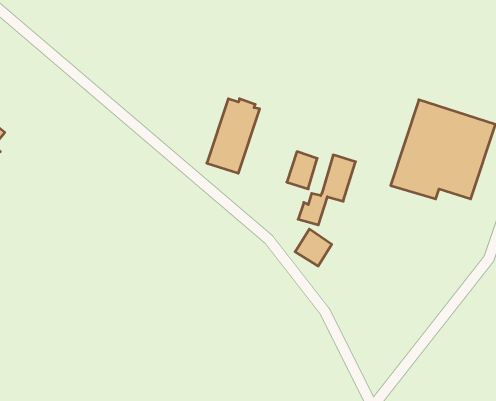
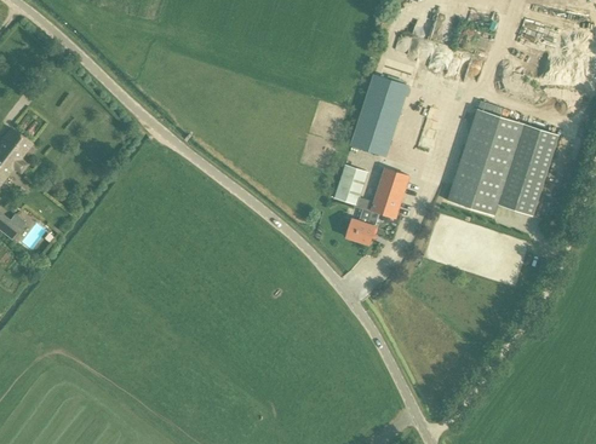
building: [207,99,260,173] -> [351,75,408,155]
building: [295,229,332,266] -> none

